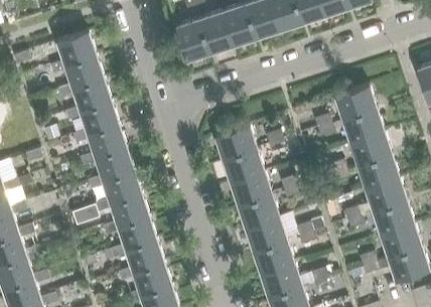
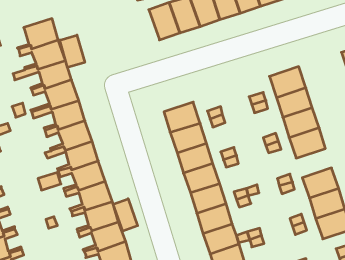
building: [176,21,210,62] -> none
building: none -> [60,35,85,67]
building: [366,178,406,211] -> none
building: none -> [113,199,138,231]

